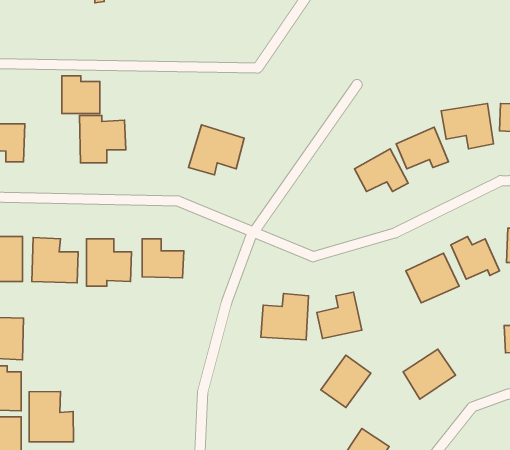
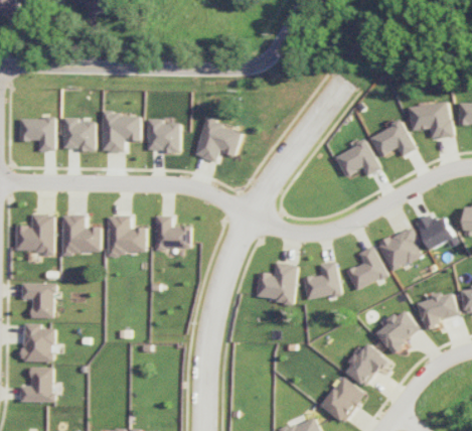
building: [62,76,100,114] -> [63,118,96,150]
building: none -> [147,120,180,152]
building: none -> [346,246,387,291]
building: none -> [418,292,459,327]
building: [321,355,371,408] -> [345,343,387,388]
building: [29,391,74,442] -> none

